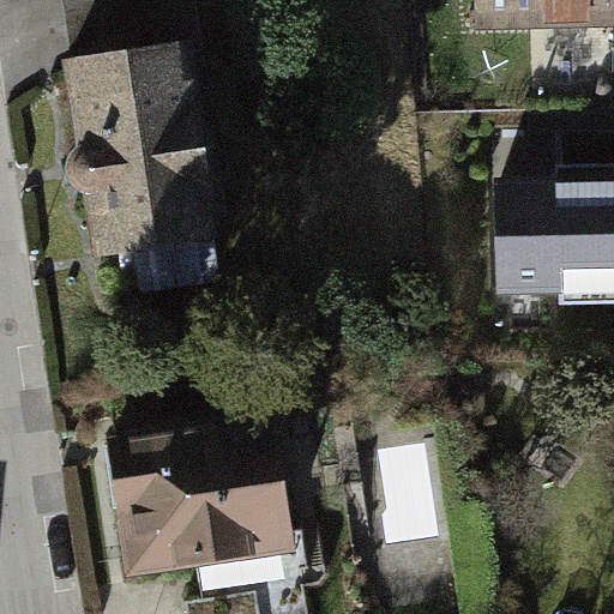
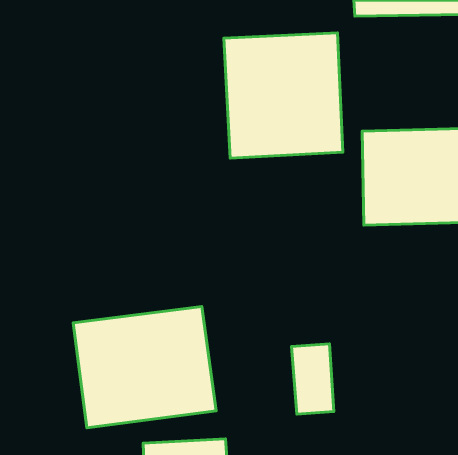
building: [76,37,217,252] -> none
building: none -> [224,33,343,158]

